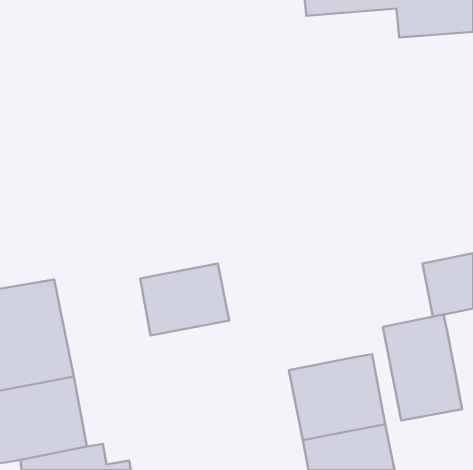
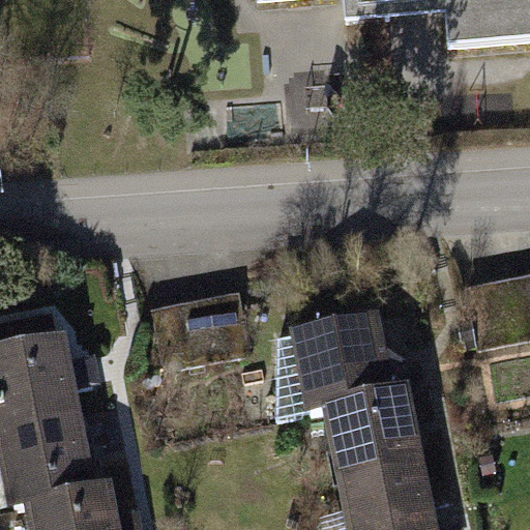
building: none -> [288,319,394,413]
building: [383,315,462,420] -> none

